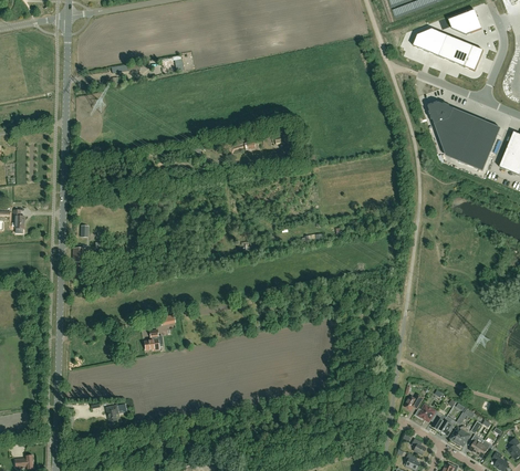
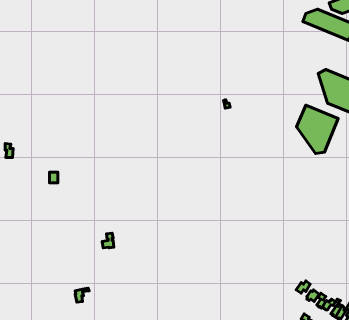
building: none -> [297,105,338,154]

